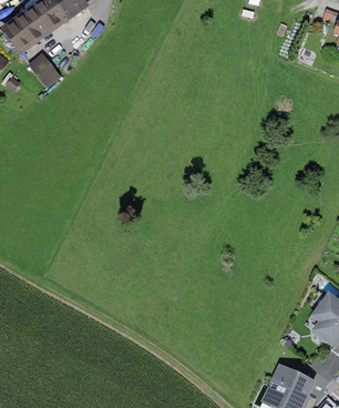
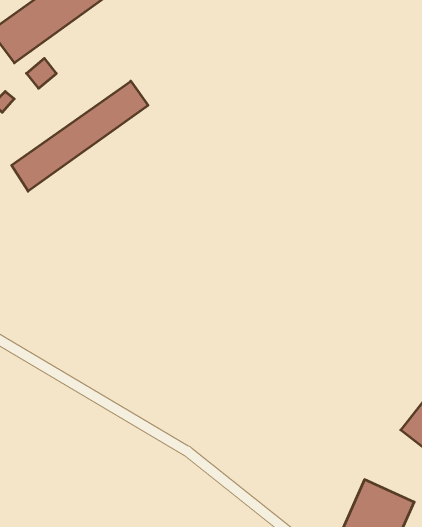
building: none -> [12,81,148,191]

